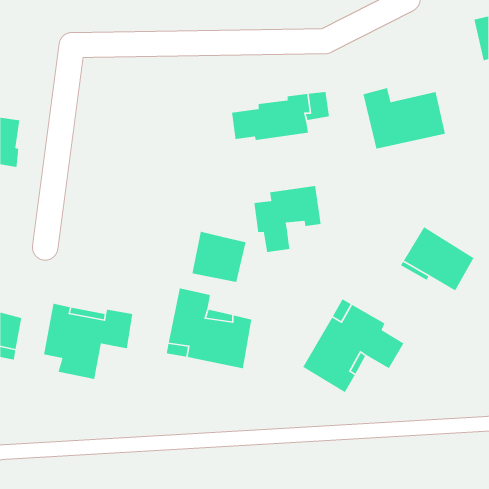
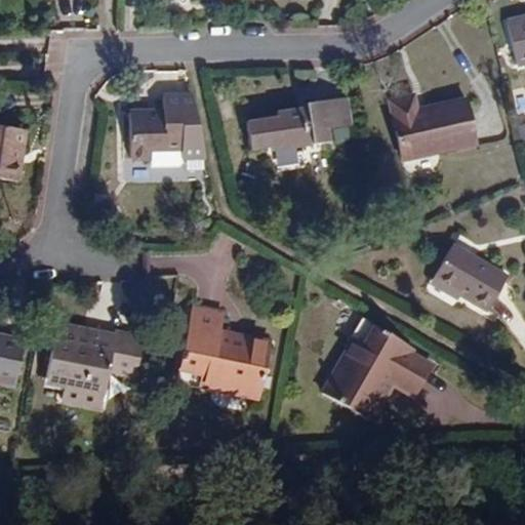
building: none -> [133,92,206,174]
building: [254,185,322,253] -> none
building: [191,231,246,283] -> none

